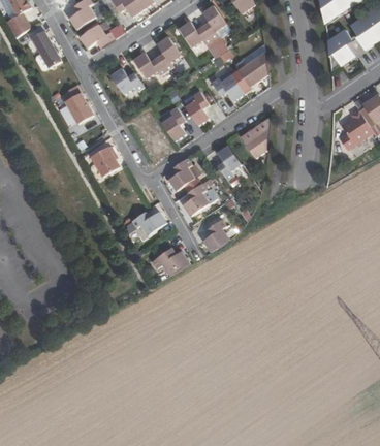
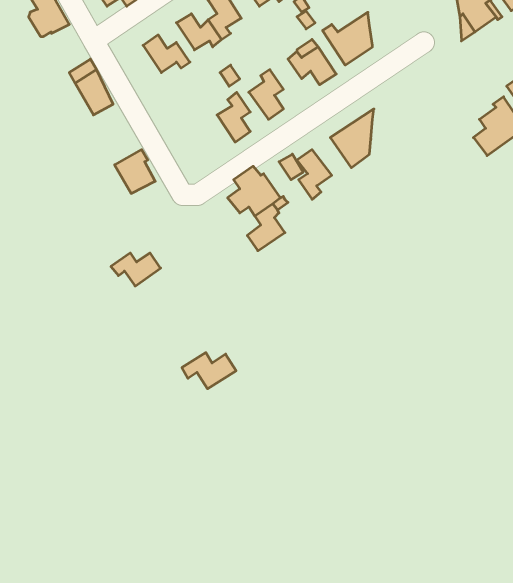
building: [131,211,165,233] -> [111,253,161,286]
building: [202,217,229,251] -> none
building: [151,250,188,275] -> [182,353,236,389]

